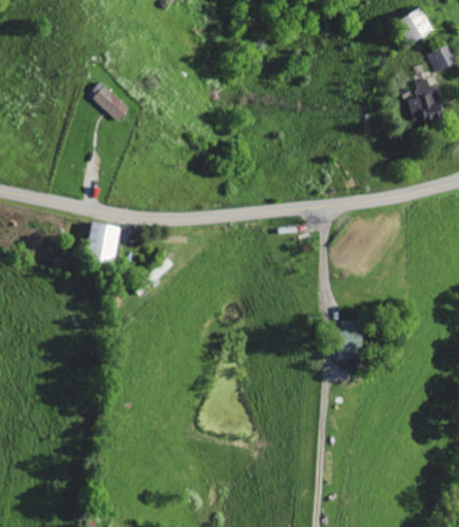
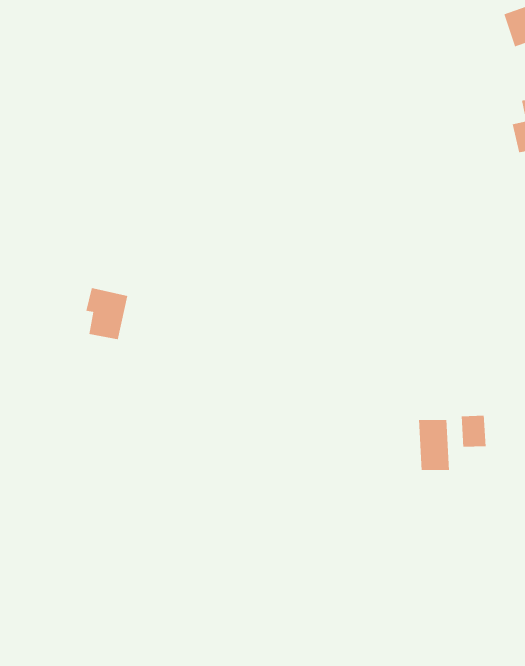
building: [89,80,128,122] -> none
building: none -> [461,415,486,448]

